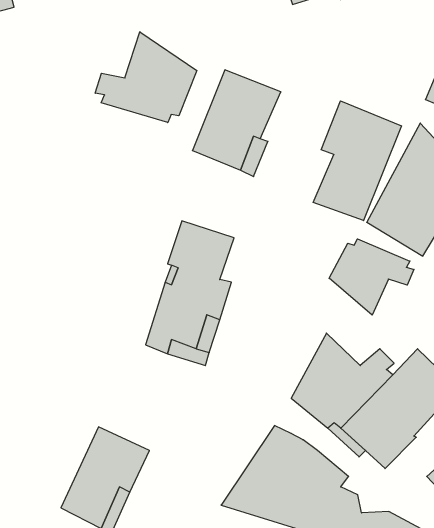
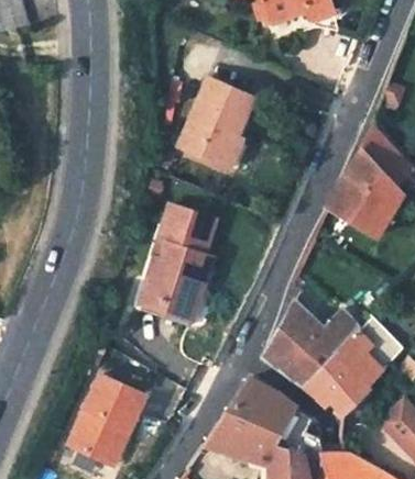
building: [95,32,197,123] -> none
building: [313,101,402,221] -> none
building: [329,239,414,315] -> none

